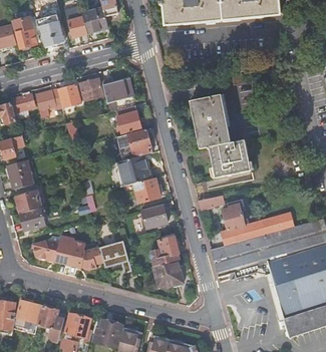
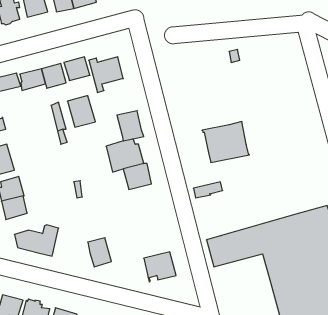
building: [193,93,232,147] -> none
building: [115,104,141,133] -> [67,96,95,127]
building: [140,204,167,227] -> none
building: [221,206,294,245] -> none
building: [148,236,179,266] -> none
building: [67,240,102,269] -> none

